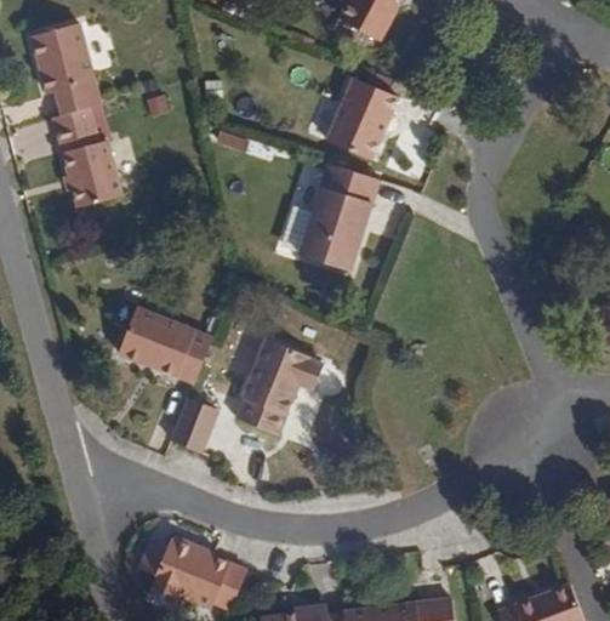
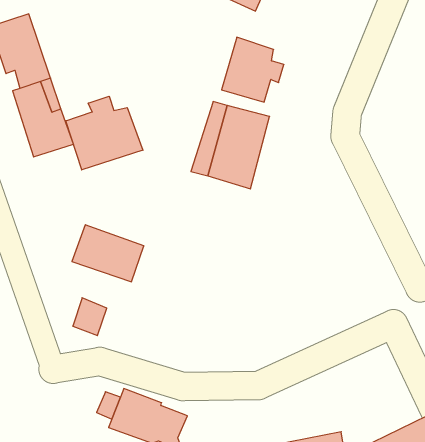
building: none -> [66,96,143,170]
building: [239,335,315,432] -> none
building: [182,400,228,451] -> [73,298,107,336]

